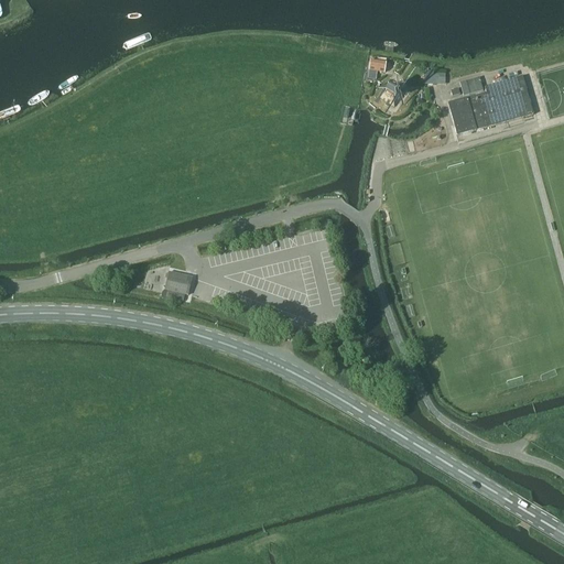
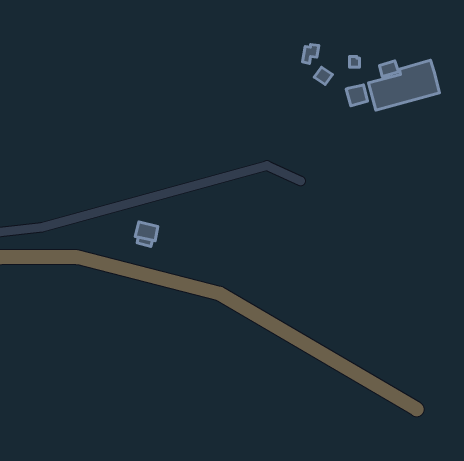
building: none -> [346,85,367,106]

